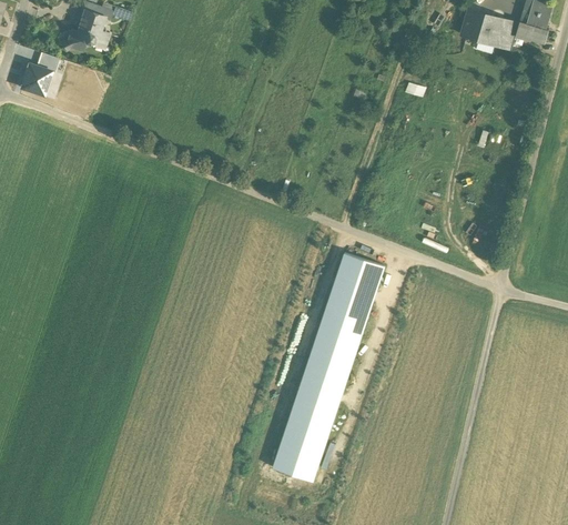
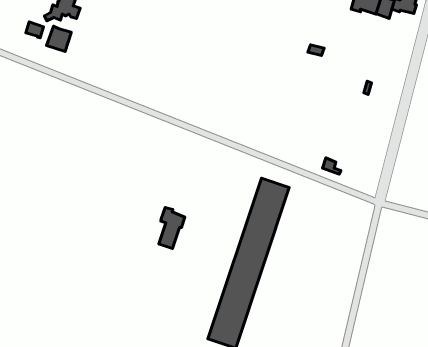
building: [19,63,51,97] -> [47,26,71,52]
building: none -> [159,207,185,248]

